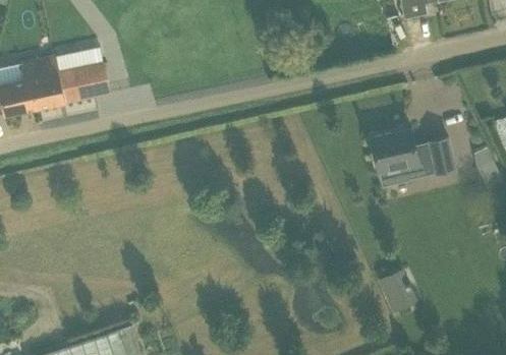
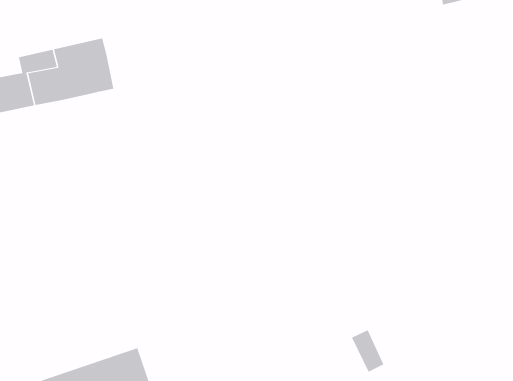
building: [371,127,455,186] -> none
building: [378,273,407,311] -> [351,330,384,373]

